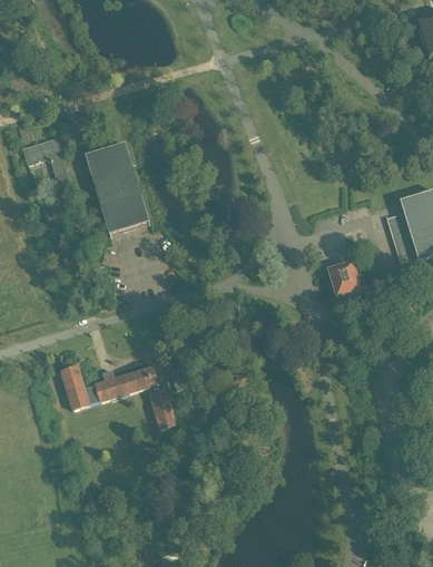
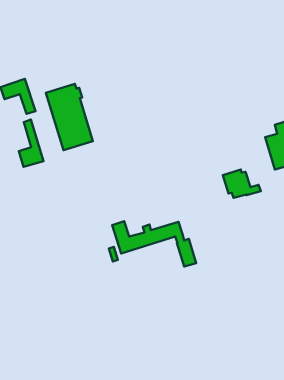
building: none -> [19,119,43,167]
building: [61,365,177,428] -> [112,221,196,266]

